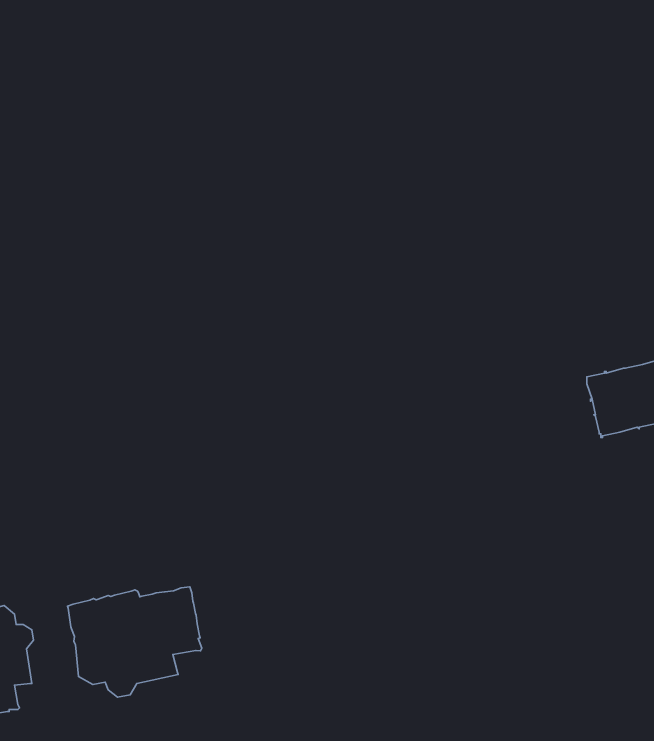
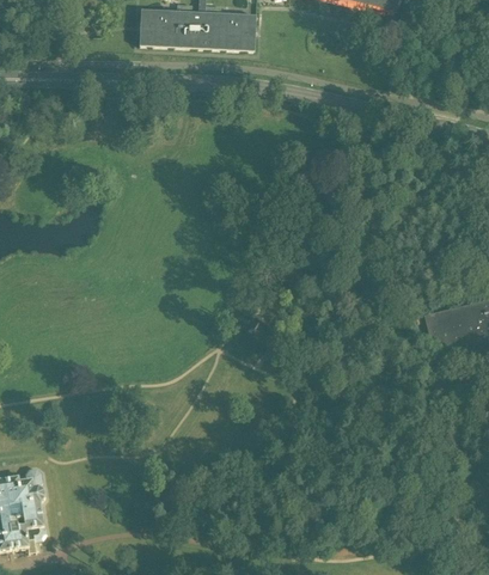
building: [67,587,202,697] -> none

